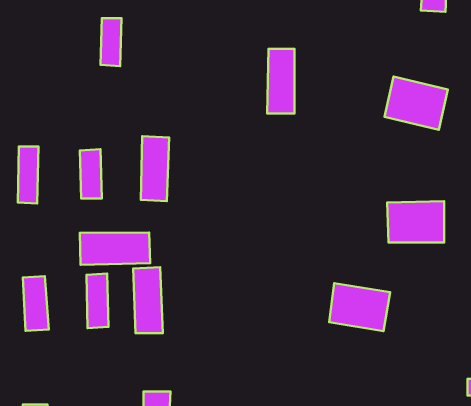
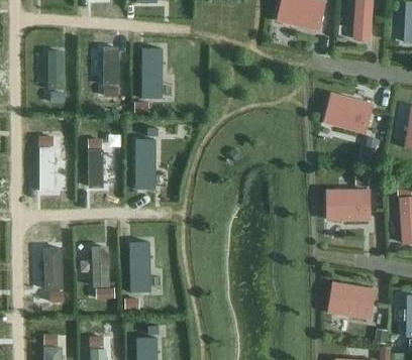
building: none -> [47,51,64,90]
building: [267,49,295,114] -> [141,48,163,99]
building: [80,233,150,265] -> none
building: [329,283,390,331] -> [328,282,376,320]

